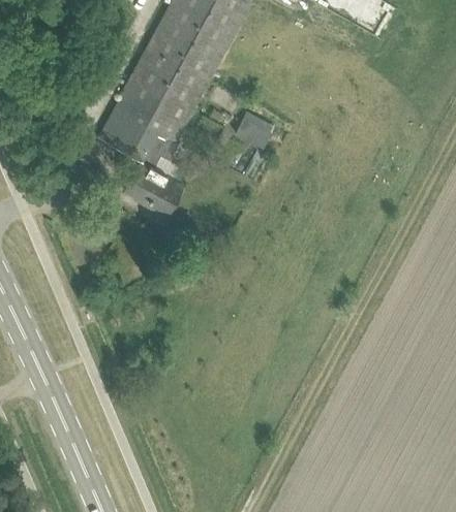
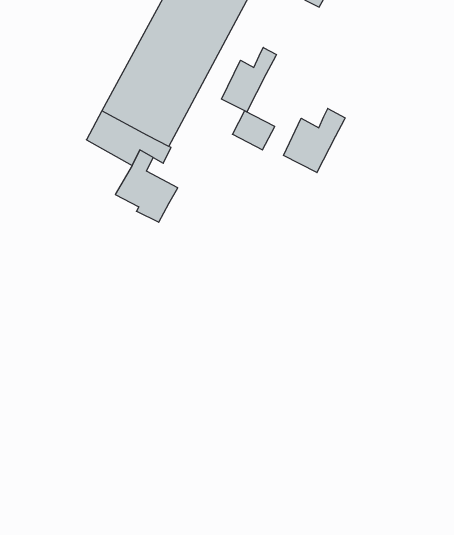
building: none -> [222,47,276,112]
building: none -> [283,108,345,173]

